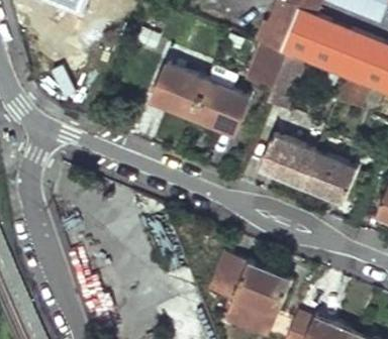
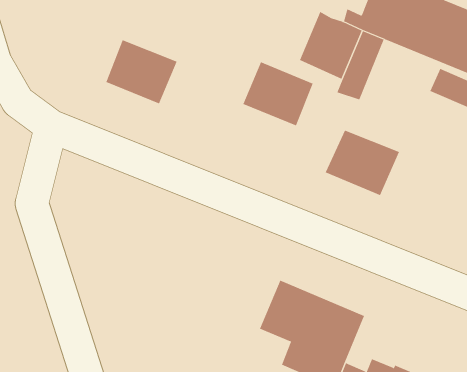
building: [151,64,207,114] -> [105,40,178,104]
building: [301,151,357,203] -> none

